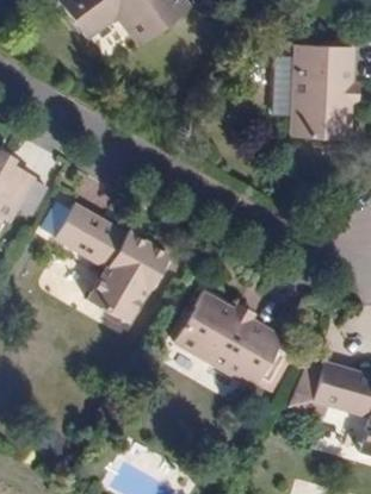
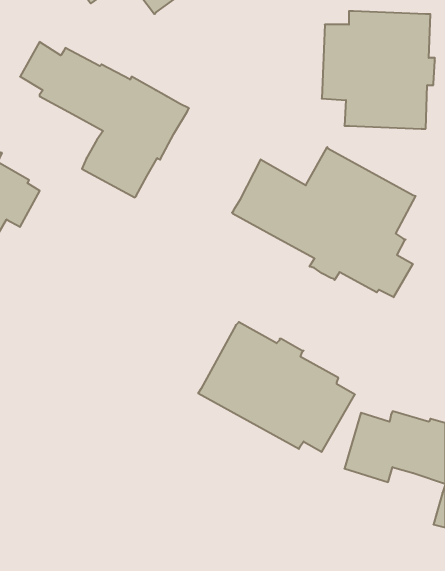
building: none -> [232,147,416,297]
building: [39,200,173,323] -> [20,42,189,197]

